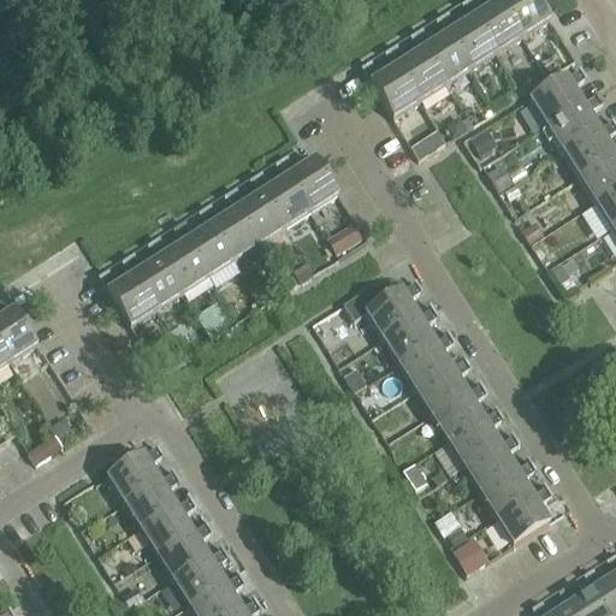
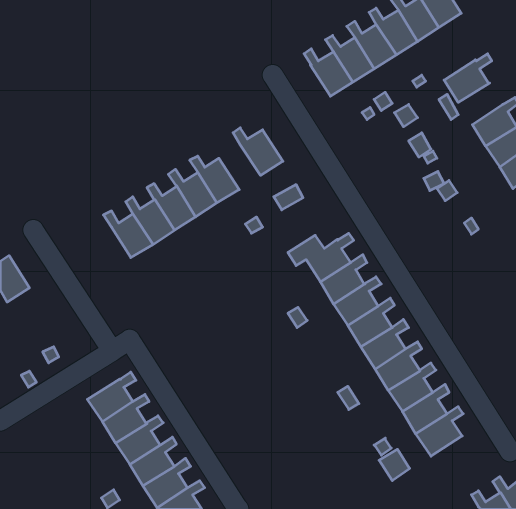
building: [546,89,603,148] -> none
building: [254,168,312,225] -> none
building: [100,266,158,324] -> none

